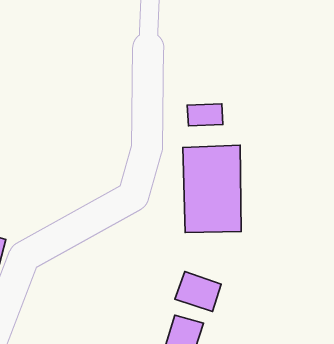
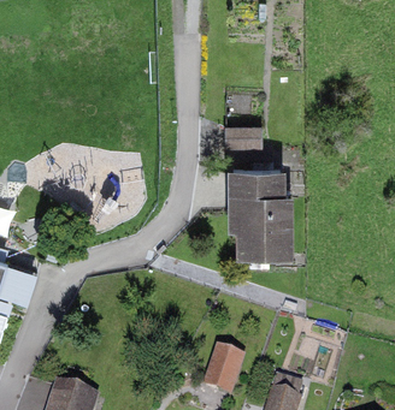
building: [175,272,221,311] -> none

